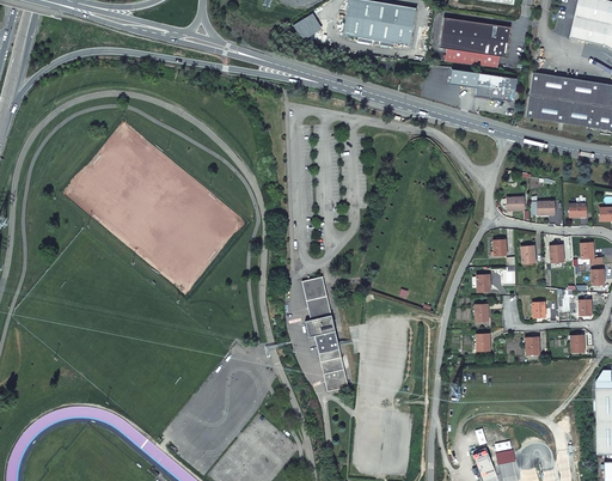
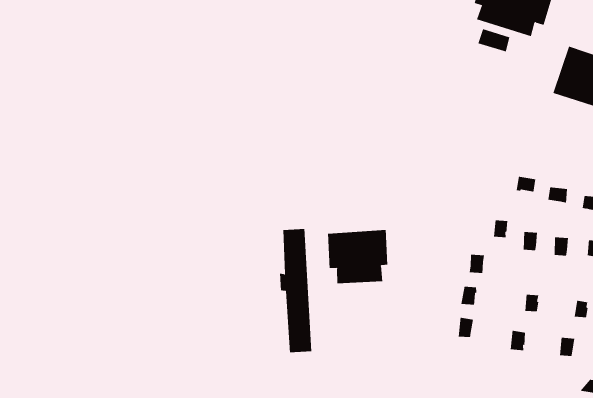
building: [476,73,516,102] -> none
building: none -> [328,229,388,284]

